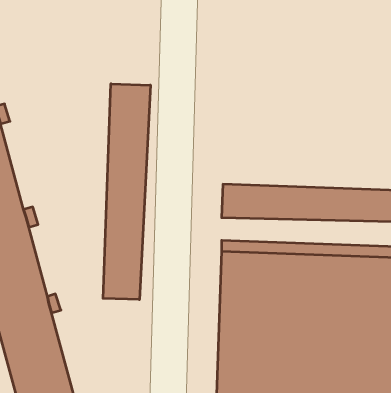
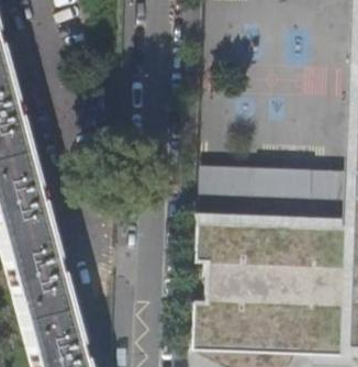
building: [103,84,150,300] -> none

